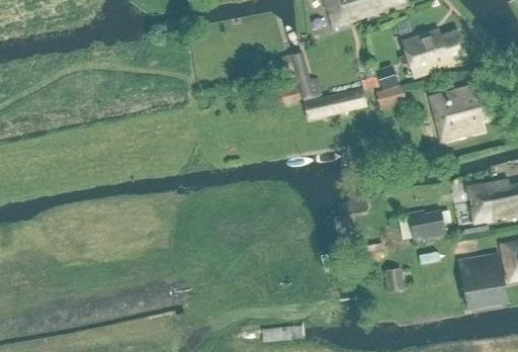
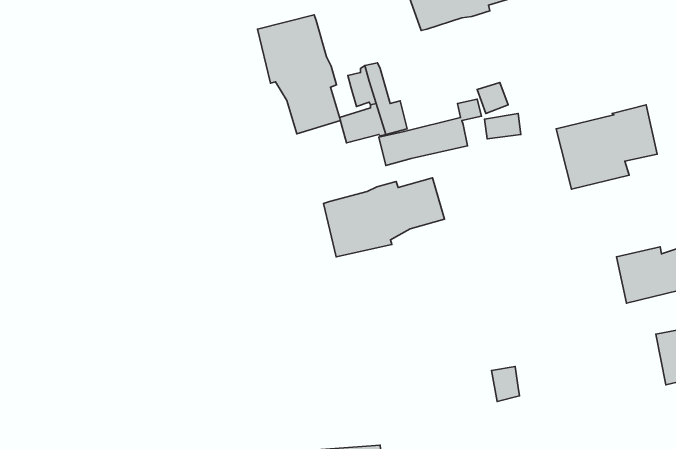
building: none -> [258,15,340,134]
building: [400,28,465,79] -> none
building: none -> [324,178,445,257]
building: [407,208,446,240] -> none
building: [458,253,508,311] -> none

